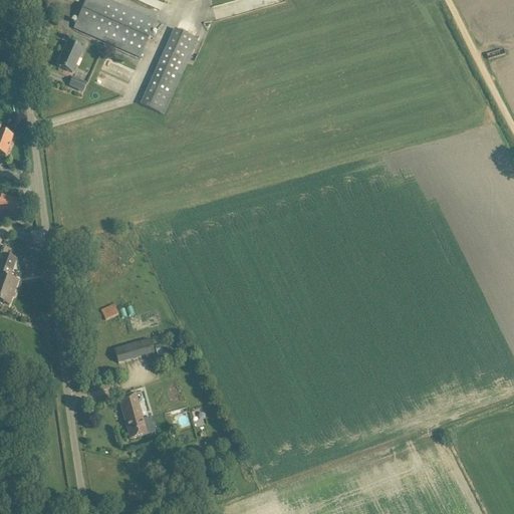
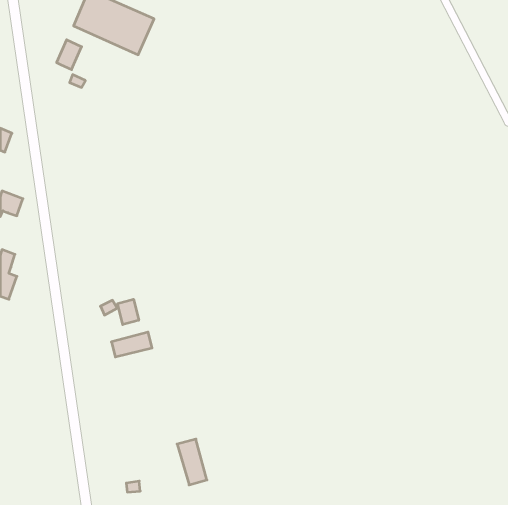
building: [141,27,200,114] -> none
building: none -> [118,299,139,325]
building: [117,391,148,437] -> [177,439,207,485]

